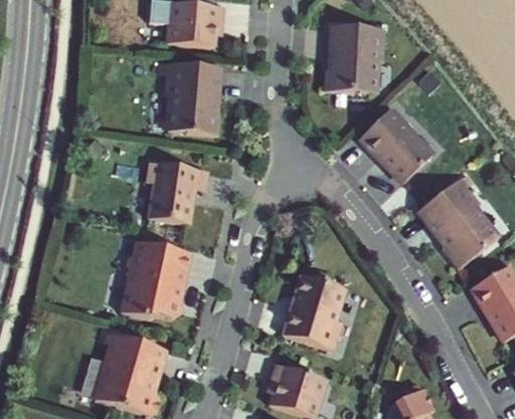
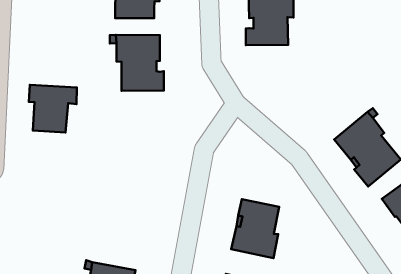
building: [358,107,432,182] -> none
building: [147,162,206,223] -> [29,85,77,133]
building: [121,241,190,319] -> none

